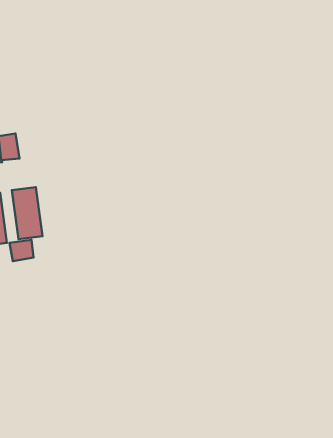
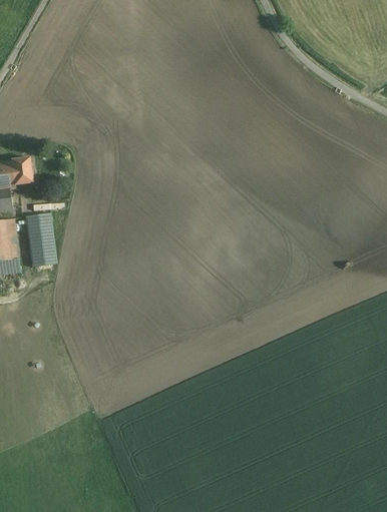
building: [9,240,34,261] -> none

